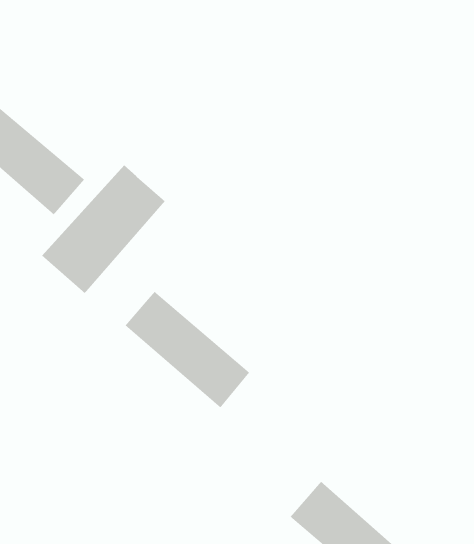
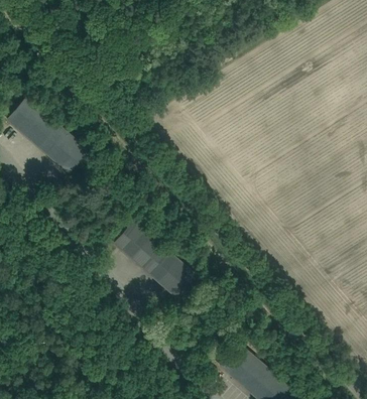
building: [41,165,166,294] -> none

